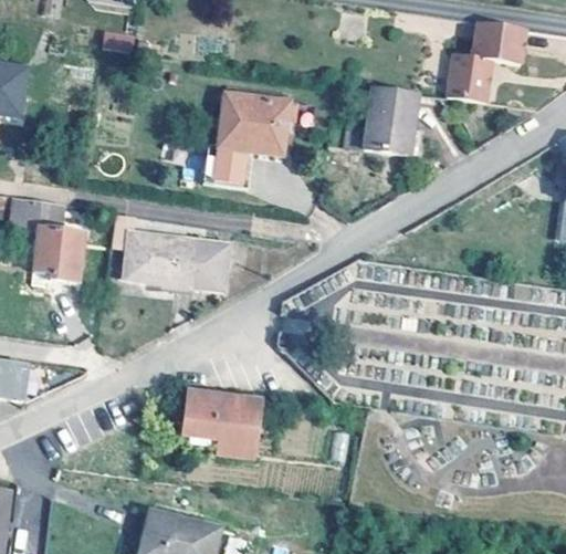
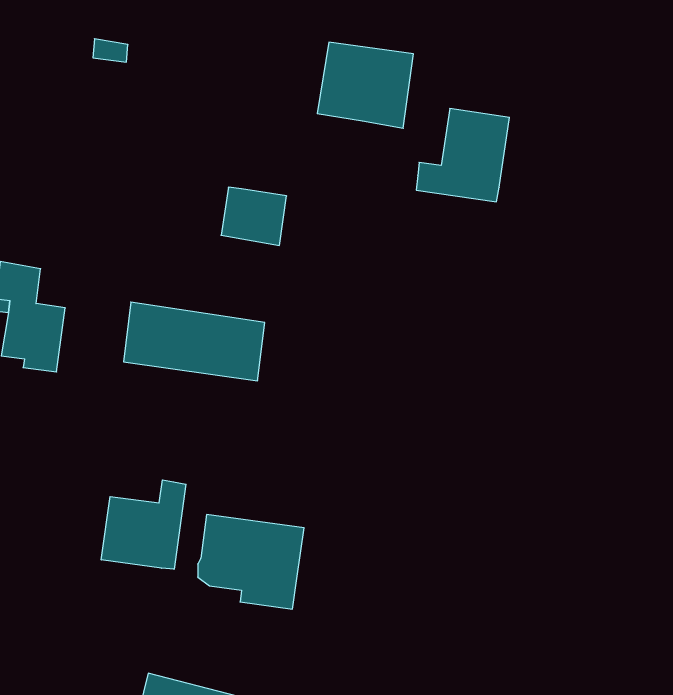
building: [447,15,525,100] -> none
building: [216,90,289,155] -> [317,42,413,128]
building: none -> [101,480,186,569]

